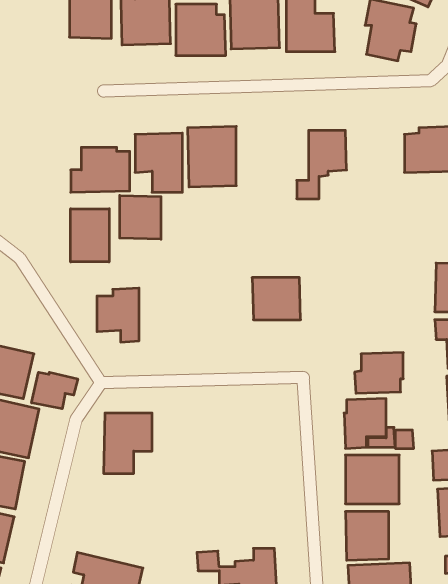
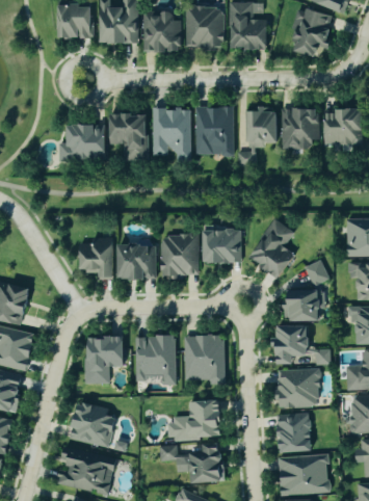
building: none -> [195,108,235,156]
building: none -> [282,109,318,150]
building: [120,195,161,239] -> none
building: [71,209,109,262] -> none
building: none -> [249,218,295,276]
building: none -> [160,235,199,275]
building: none -> [117,243,156,279]
building: none -> [304,259,328,286]
building: [32,372,78,409] -> none
building: none -> [135,335,176,383]
building: none -> [184,335,225,384]
building: none -> [168,399,221,439]
building: none -> [70,401,116,448]

